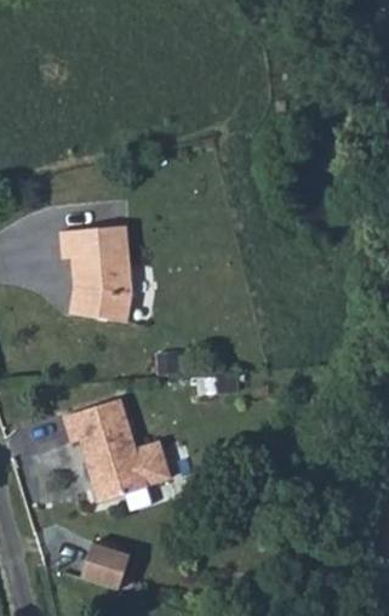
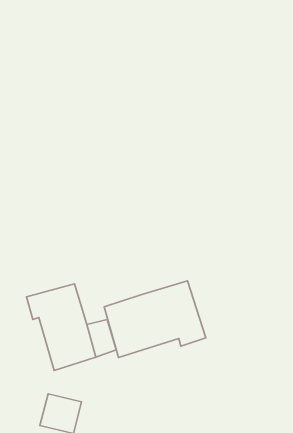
building: [65,230,132,323] -> none
building: none -> [104,281,206,357]

